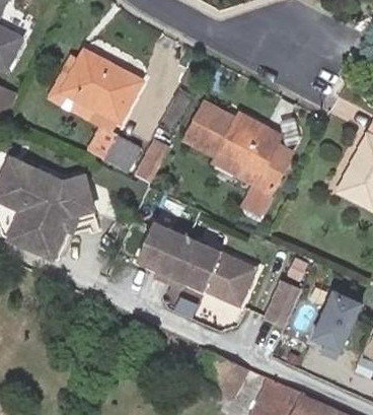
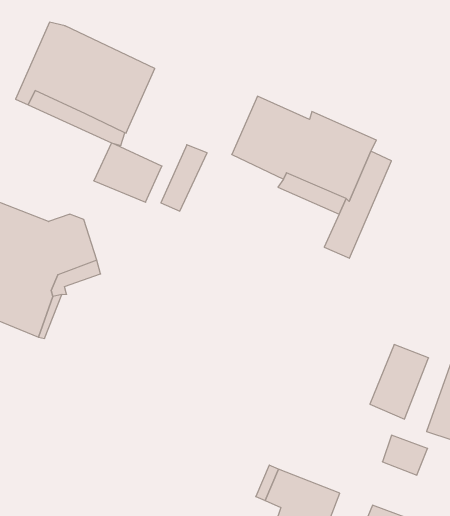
building: [134,223,252,304] -> none

